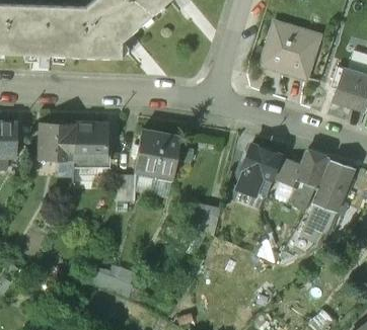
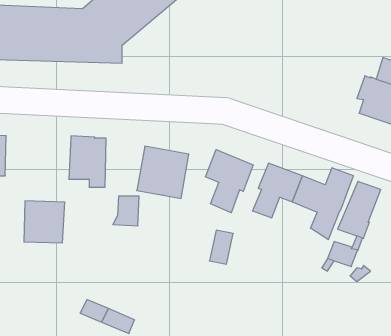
building: [263,22,317,76] -> none
building: [40,122,76,160] -> [24,201,65,243]
building: none -> [205,150,253,213]

